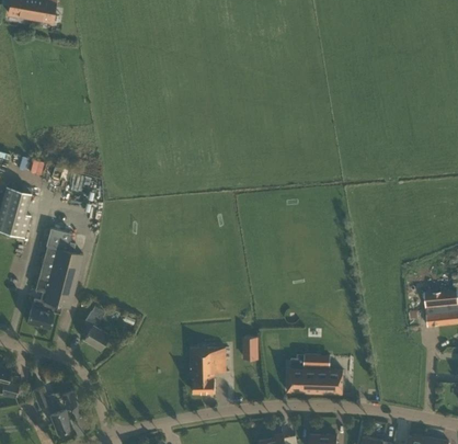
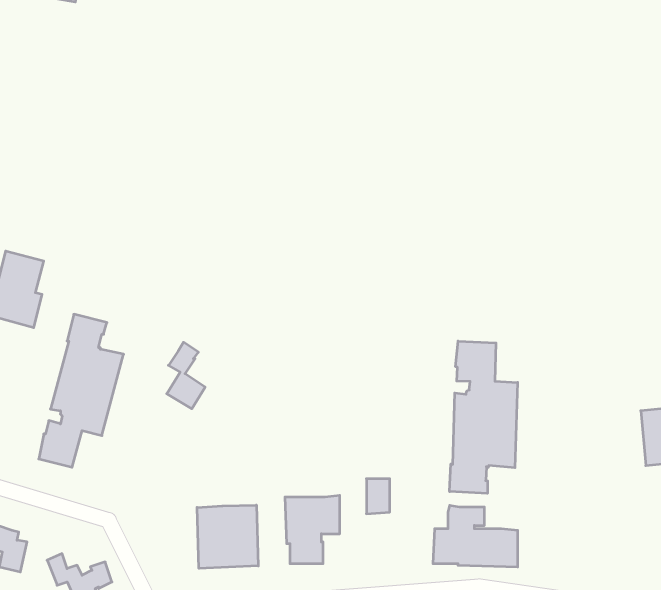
building: none -> [450,341,518,493]
building: [82,306,107,350] -> [167,342,205,409]
building: none -> [197,505,258,568]

